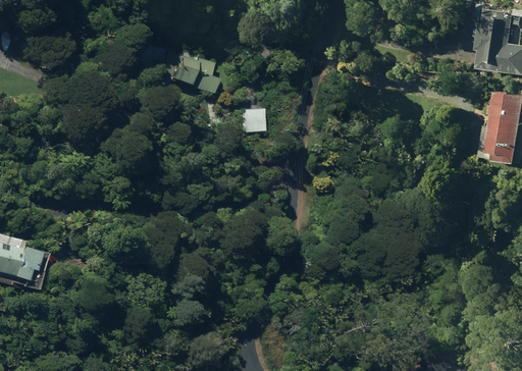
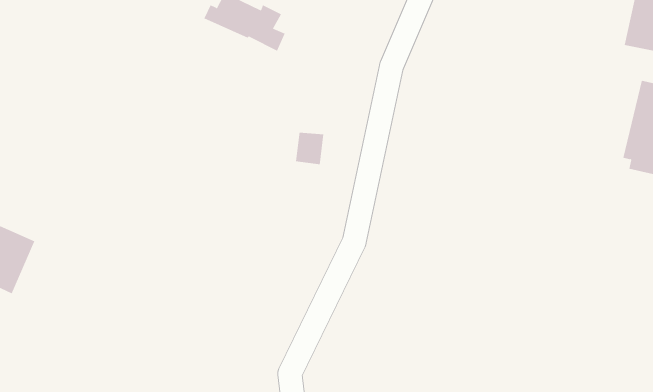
building: [241,109,261,132] -> [295,132,324,165]

